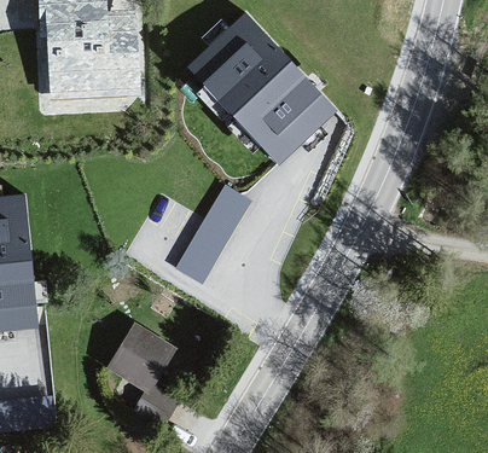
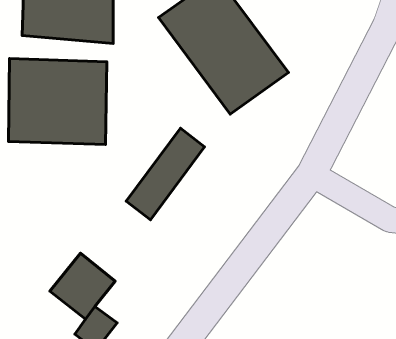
building: none -> [8,59,107,145]

